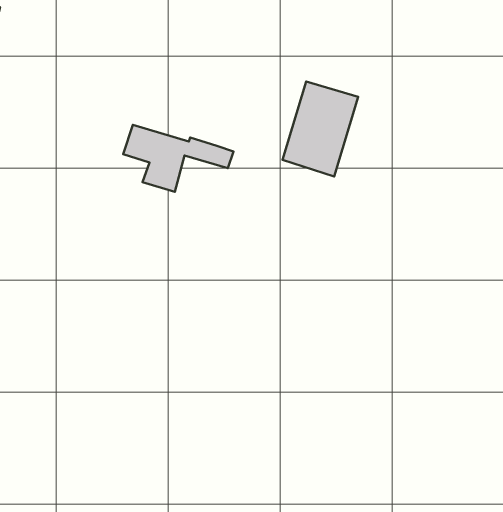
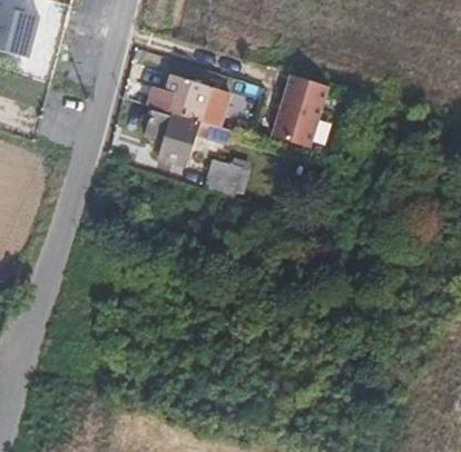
building: none -> [163,73,227,125]
building: none -> [202,156,241,195]

